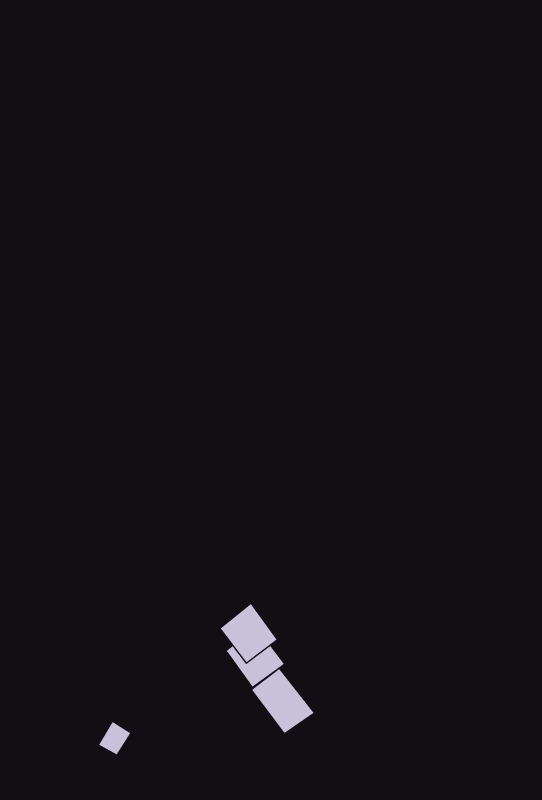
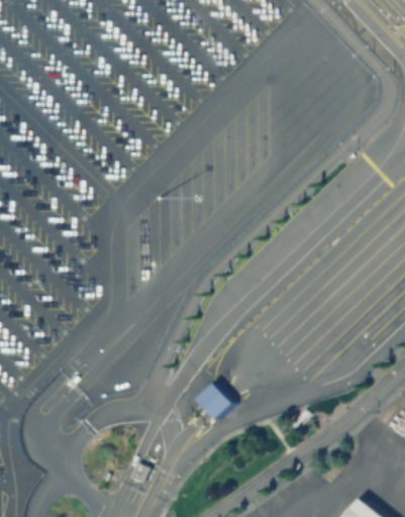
building: [251,668,314,734] -> none

